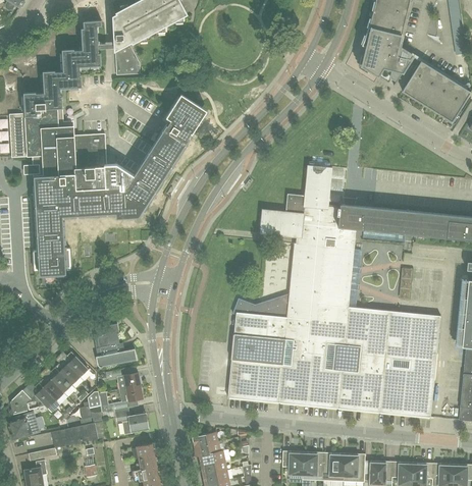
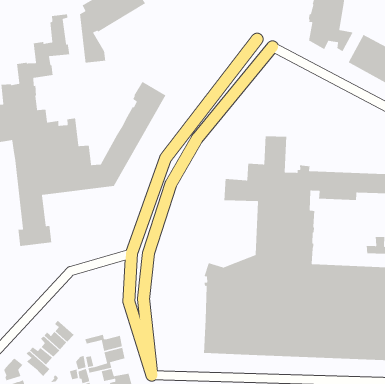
building: [95,324,138,367] -> none

